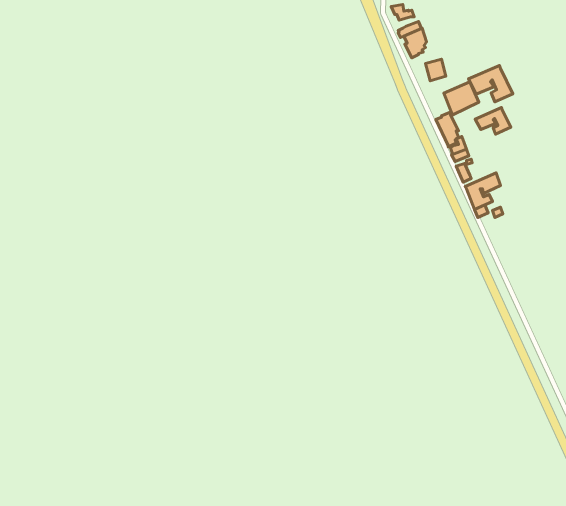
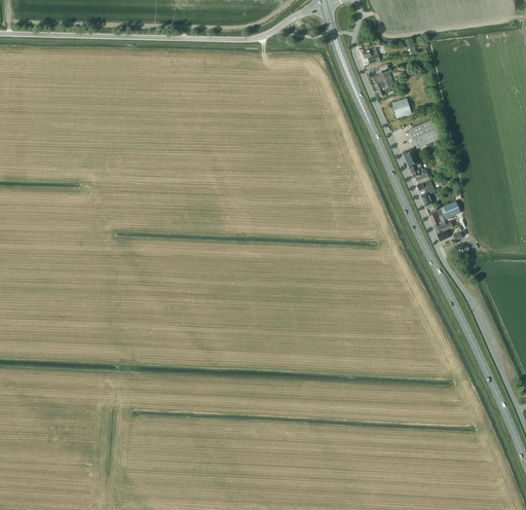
building: [469,65,513,102] -> none
building: [475,108,511,134] -> none

